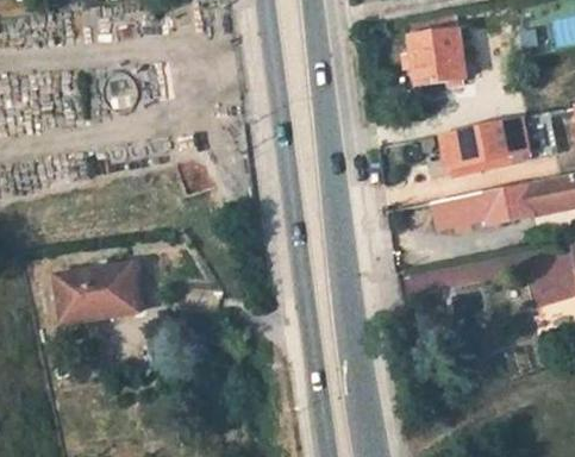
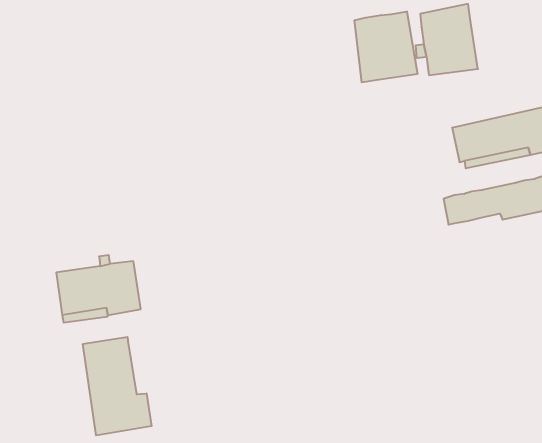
building: none -> [355,11,417,82]
building: none -> [83,337,152,435]

